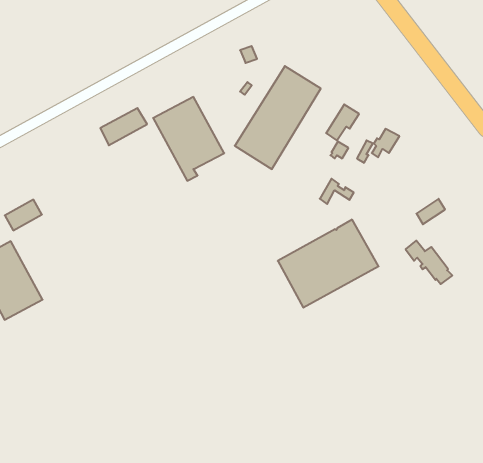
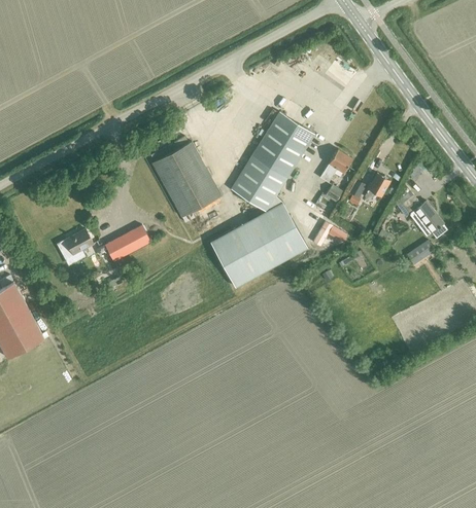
building: [100,108,147,145] -> [105,226,150,262]
building: [5,200,42,230] -> [58,230,94,260]
building: [278,220,379,308] -> [210,203,308,288]
building: [406,241,452,284] -> [402,196,447,239]

